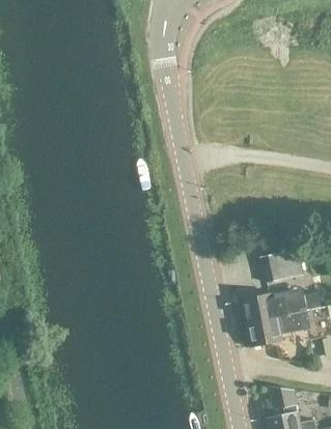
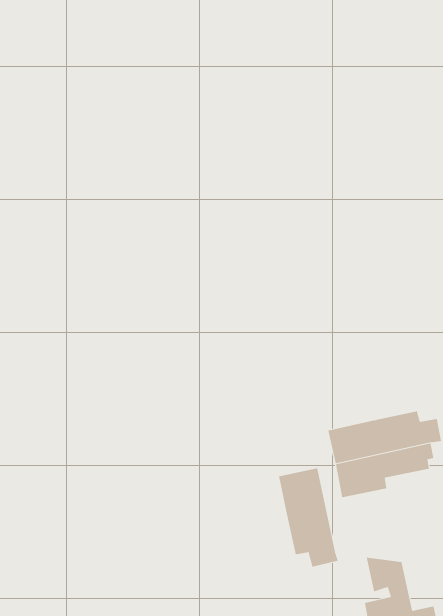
building: [263,249,306,283] -> none
building: none -> [279,468,338,567]

